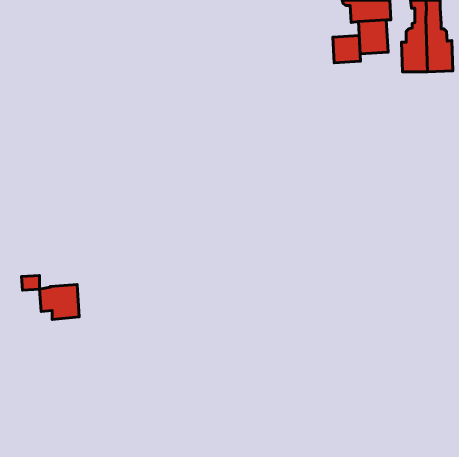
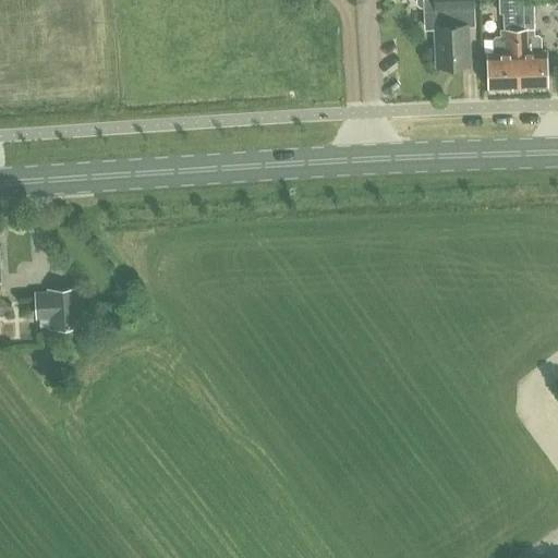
building: [333,36,360,63] -> none
building: [40,285,79,320] -> [34,288,82,330]

